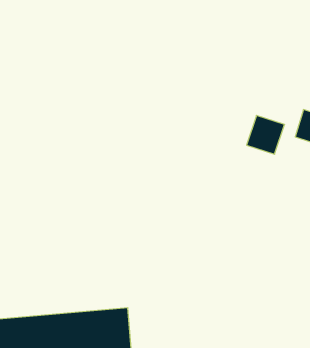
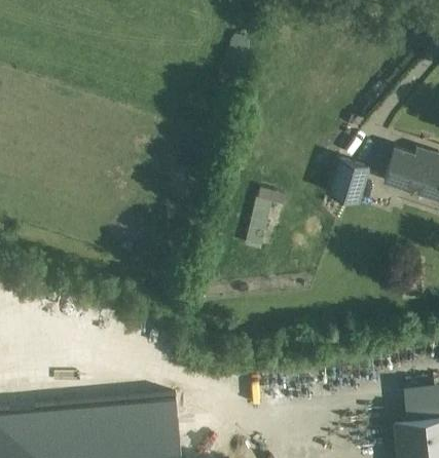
building: none -> [246,198,273,250]

